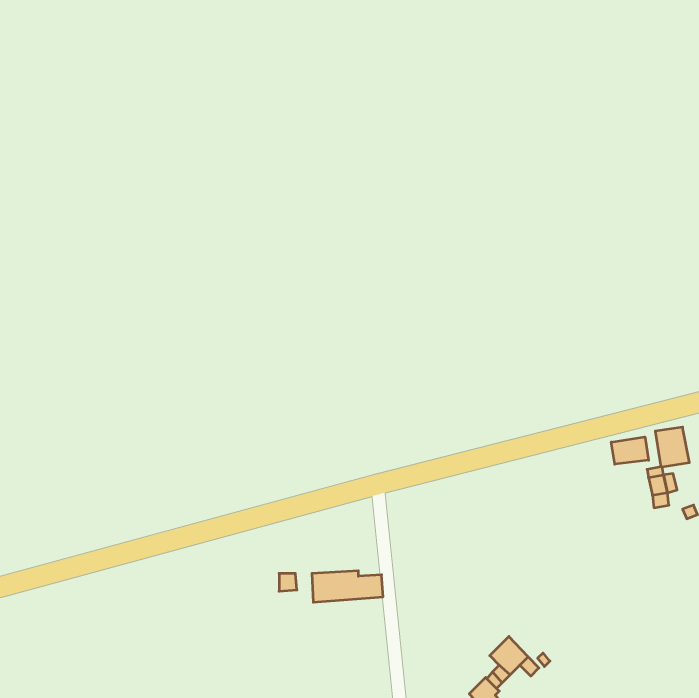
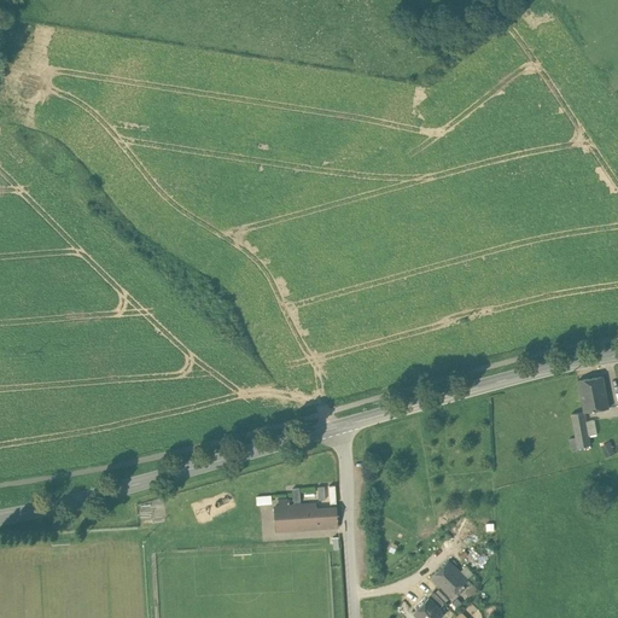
building: [611,437,649,464] -> none

